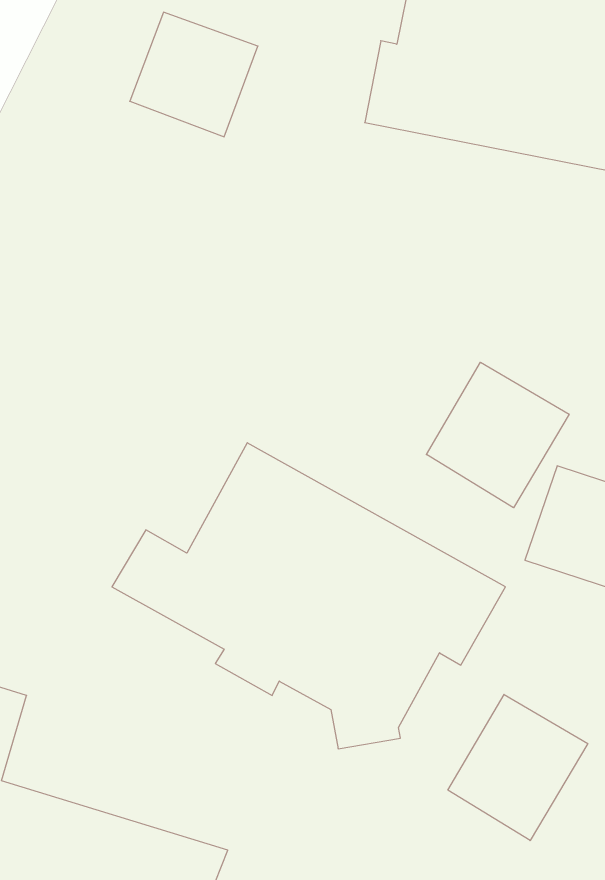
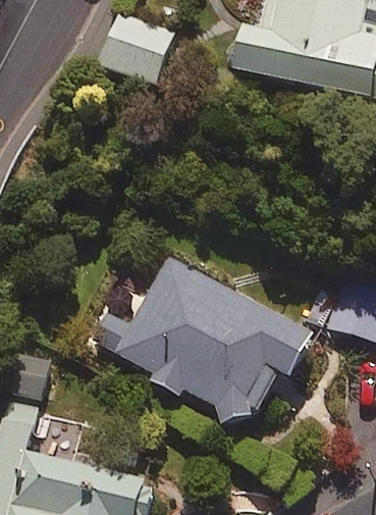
building: [426,362,569,508] -> none
building: [448,694,588,841] -> none

